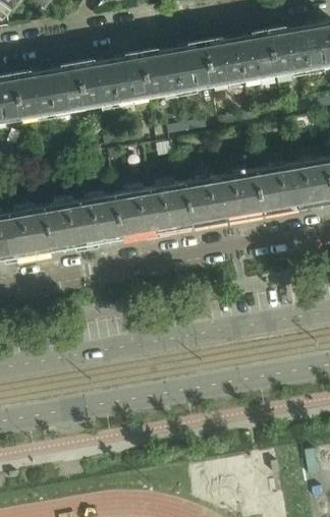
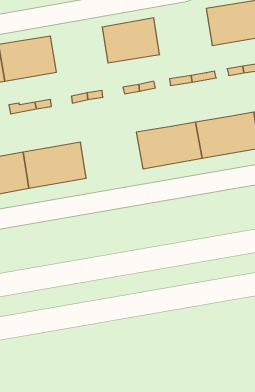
building: [204,32,275,88] -> none
building: [77,54,148,109] -> none
building: [114,182,190,238] -> none

